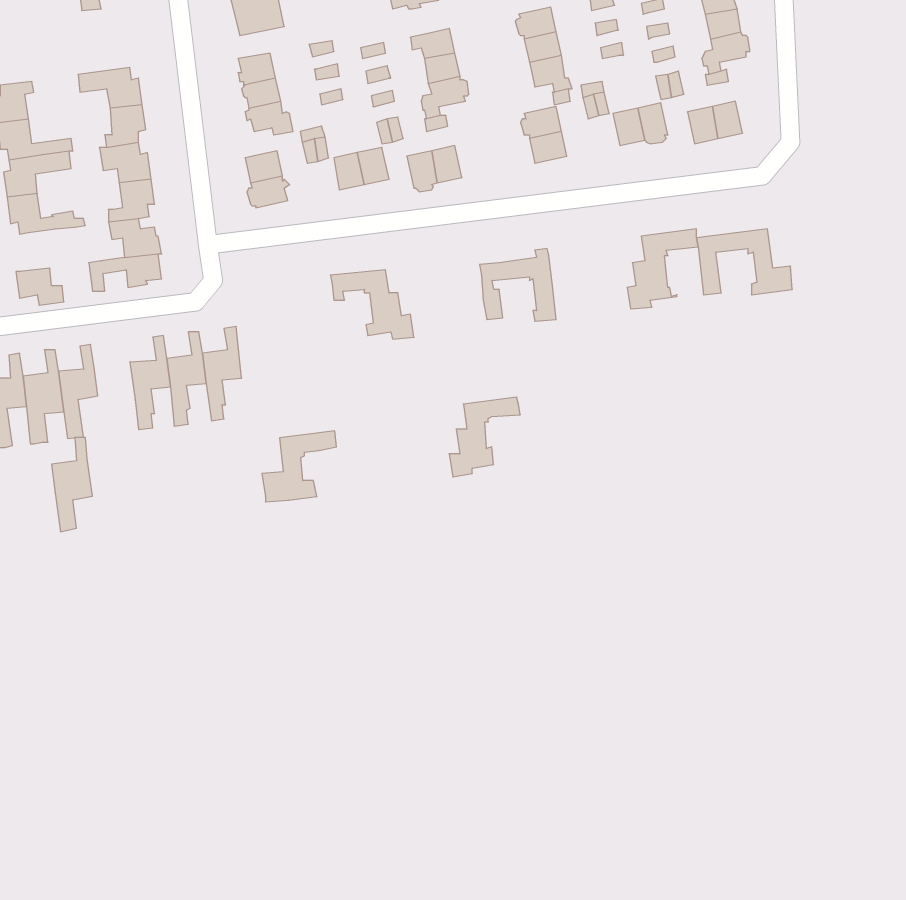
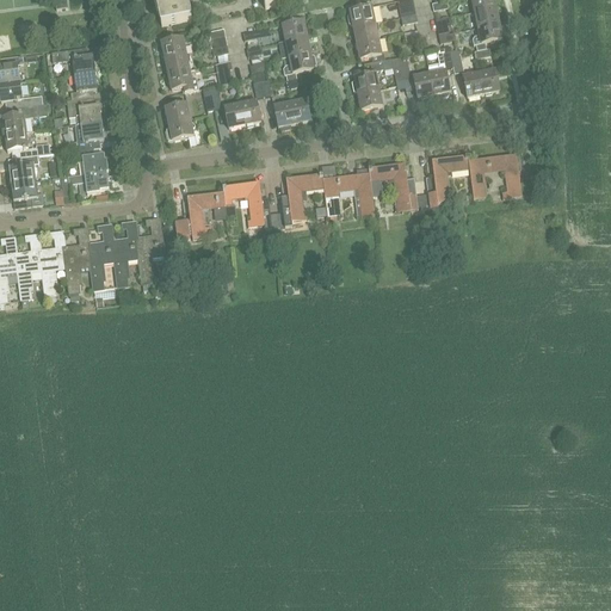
building: none -> [7,154,38,183]
building: none -> [368,162,424,212]
building: [449,397,520,477] -> [276,173,323,227]
building: [262,431,336,502] -> [174,191,224,239]
building: [52,438,92,532] -> [63,229,91,292]

